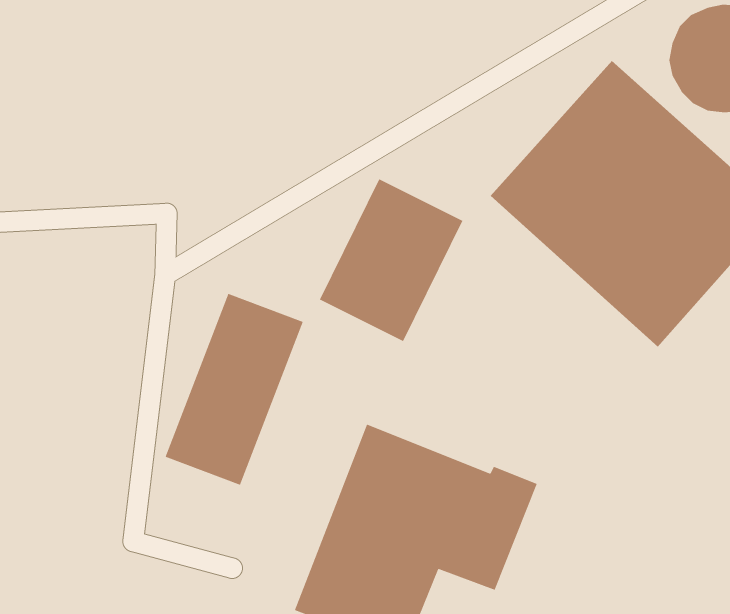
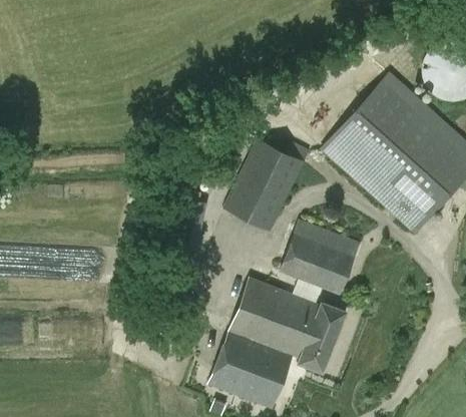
building: [164,293,304,486] -> none
building: none -> [280,220,360,296]

